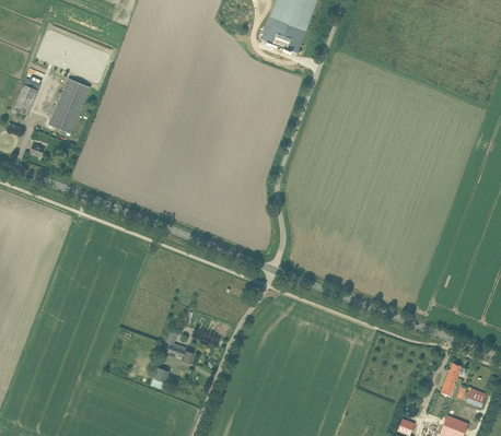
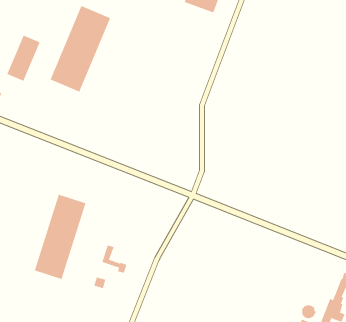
building: none -> [50,5,111,93]
building: none -> [34,194,86,280]

